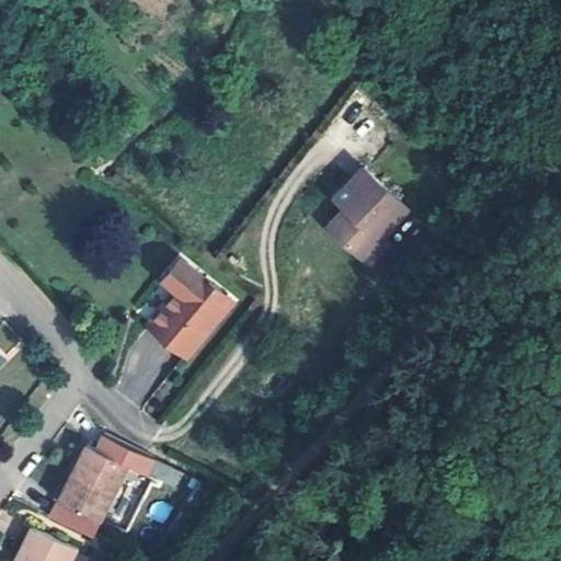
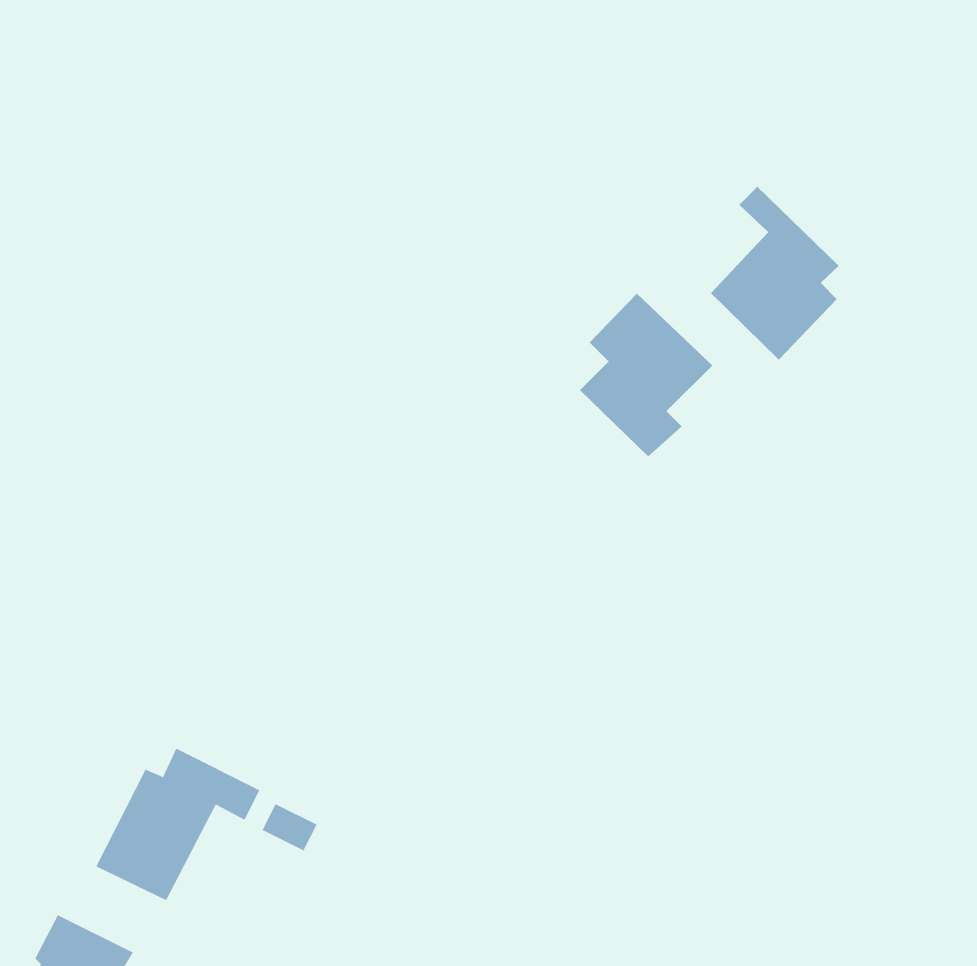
building: none -> [710,186,840,360]
building: [135,262,231,357] -> none

